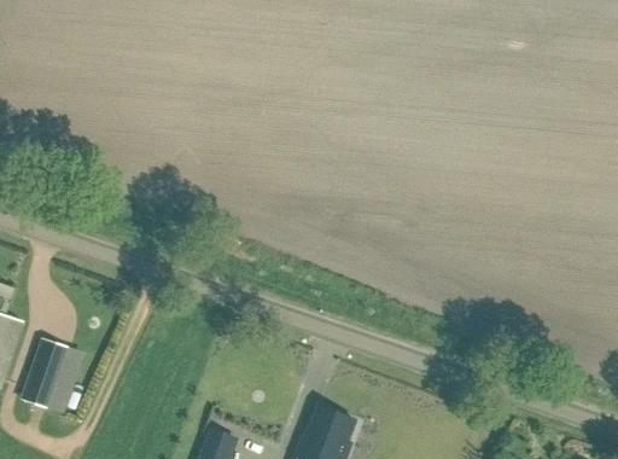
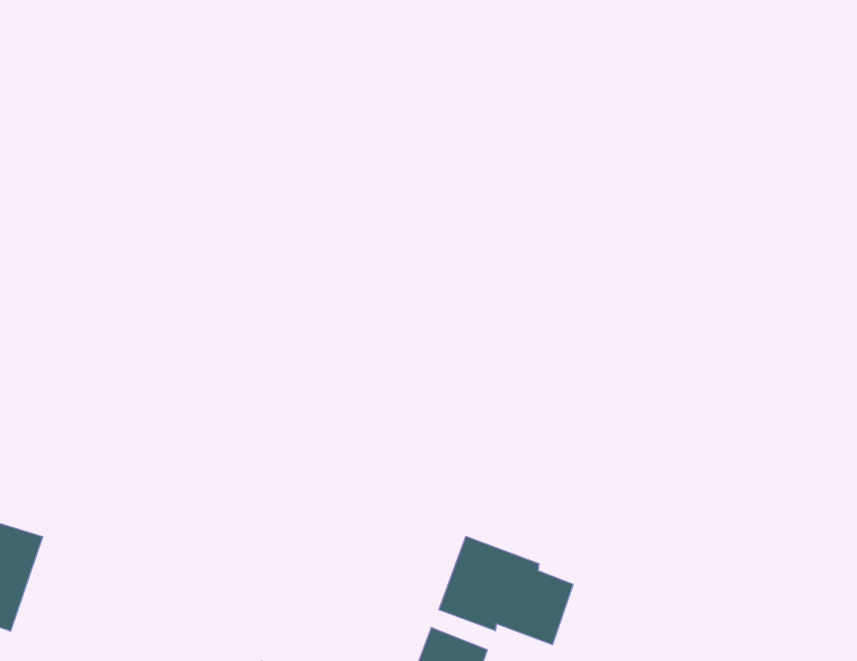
building: none -> [439,536,573,645]

